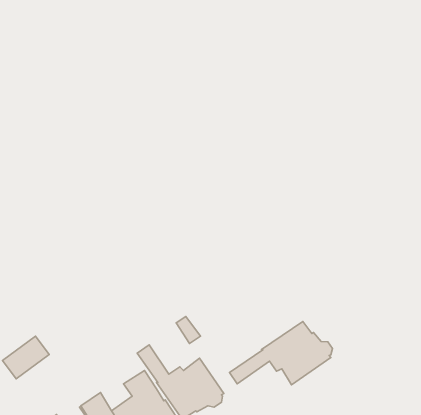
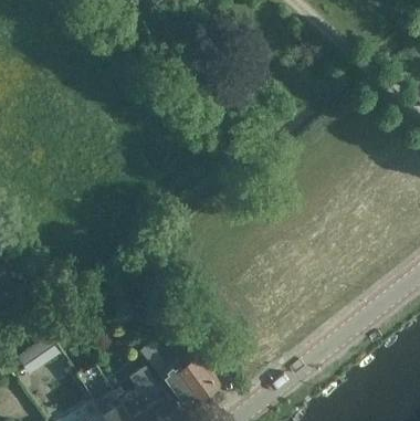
building: [229,321,333,385] -> none

